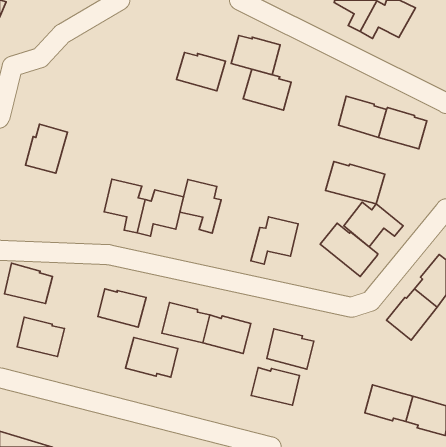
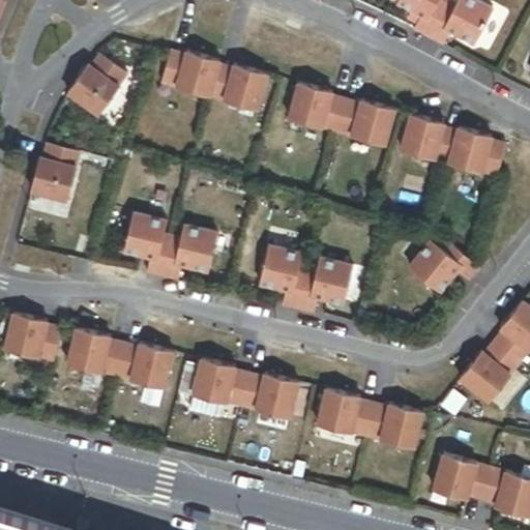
building: [231,35,280,75] -> [335,97,393,144]
building: none -> [161,49,219,94]
building: none -> [67,57,127,119]
building: [326,162,385,204] -> none
building: [180,180,221,233] -> [259,245,307,308]
building: [320,223,378,276] -> none
building: [17,317,64,357] -> [68,328,124,375]
building: [125,337,178,377] -> none
building: [251,368,299,405] -> [363,404,420,448]

